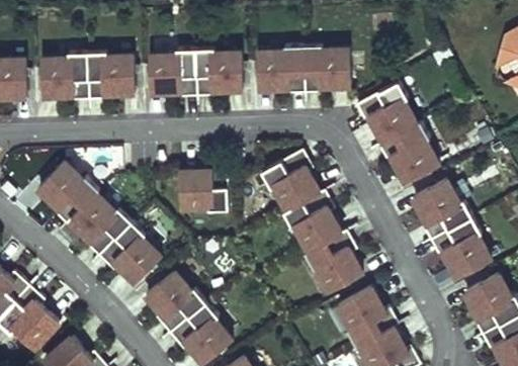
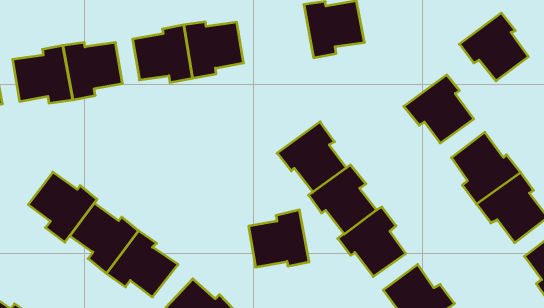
building: [257,45,305,93] -> none
building: [356,84,415,143] -> [459,13,528,81]
building: [179,163,228,210] -> [249,210,309,267]

